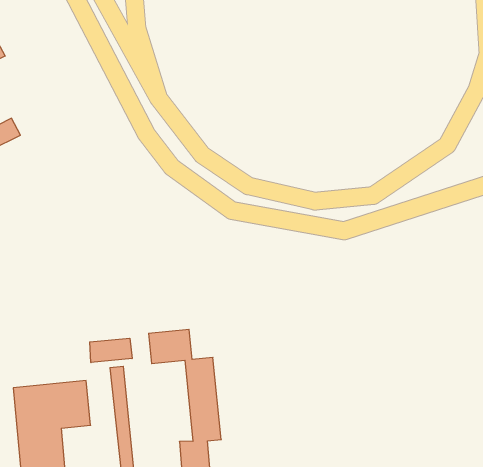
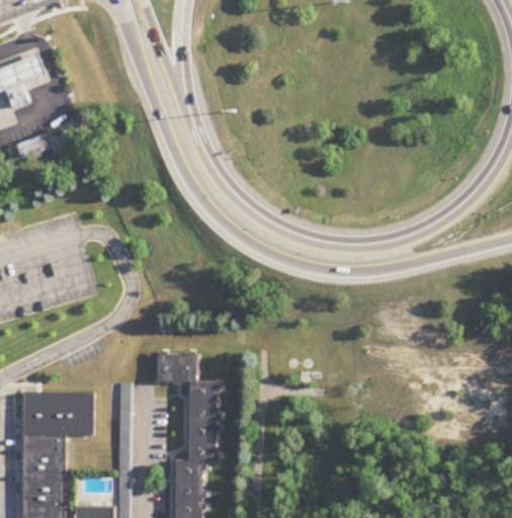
building: [90,338,132,363] -> none

